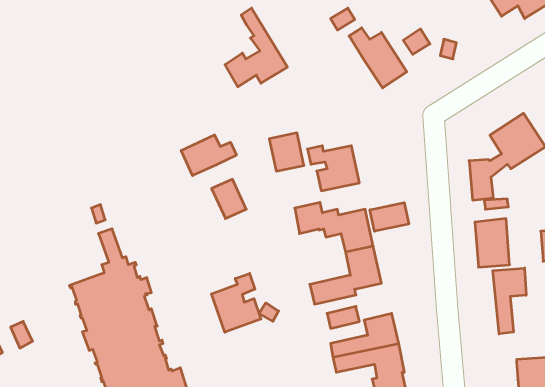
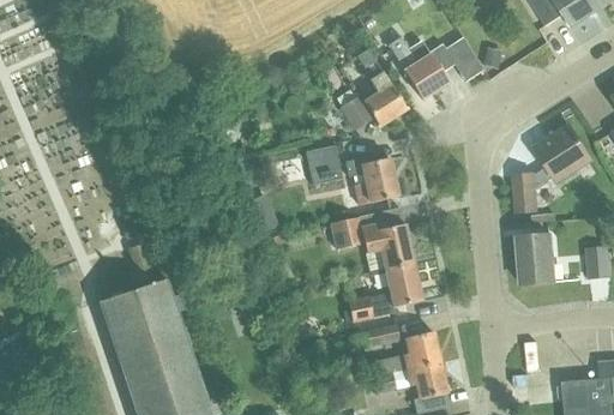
building: [225,8,287,87] -> [342,47,407,128]
building: [181,135,236,176] -> none
building: [370,203,409,231] -> none
building: [493,268,526,334] -> none
building: [211,273,261,332] -> none

